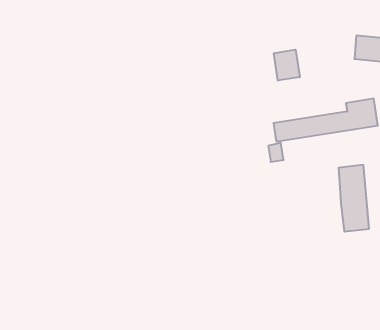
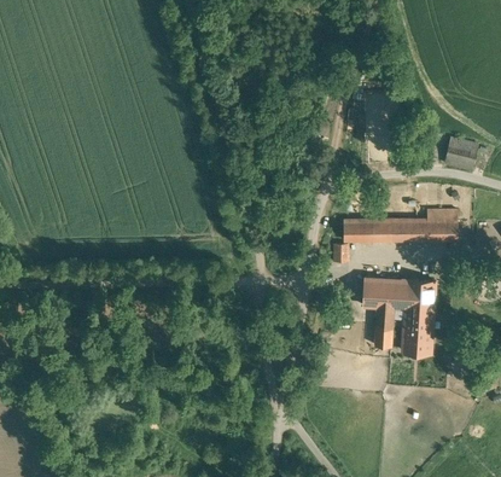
building: [274,50,300,81] -> none
building: none -> [363,278,408,347]

